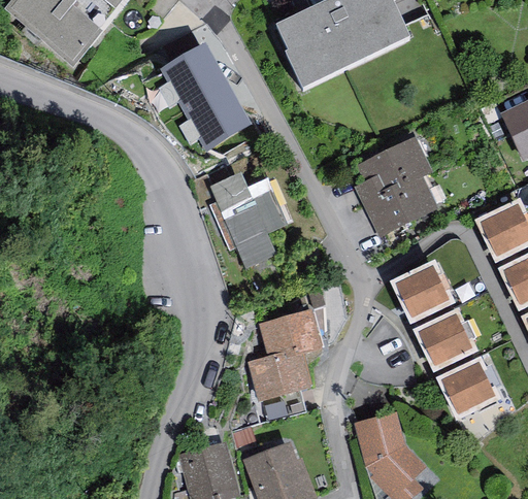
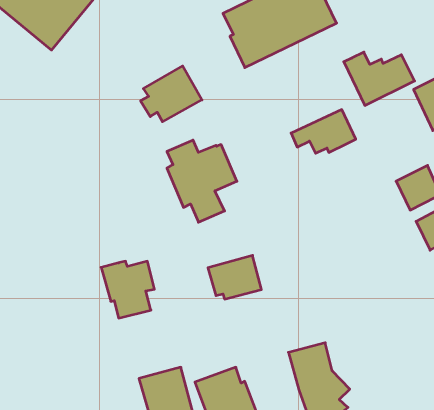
building: [157,42,228,111] -> none
building: [354,173,437,236] -> [344,52,415,105]
building: [395,264,450,317] -> none
building: [418,312,471,365] -> none
building: [246,354,309,421] -> [101,261,154,318]
building: [440,361,495,413] -> none

